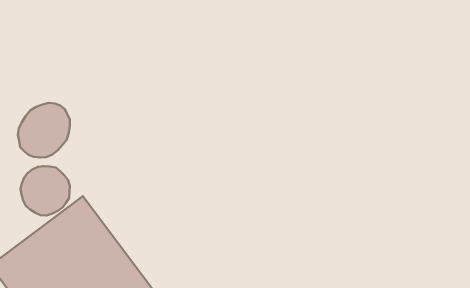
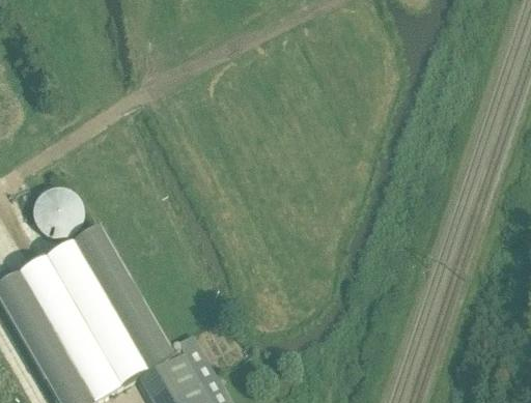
building: [18,103,70,157] -> none

